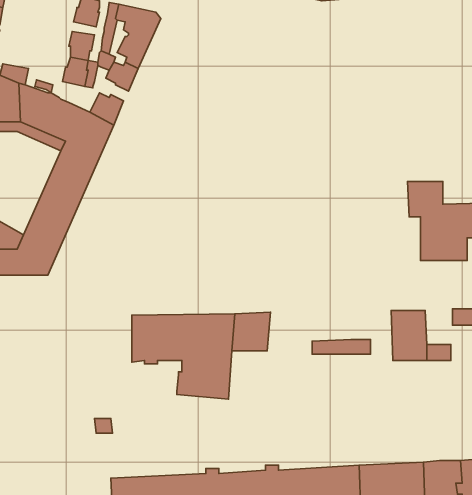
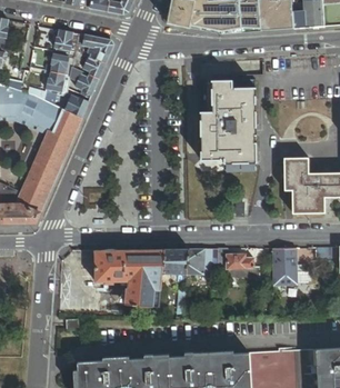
building: none -> [201,80,256,163]
building: none -> [187,248,207,275]
building: none -> [218,248,253,268]

